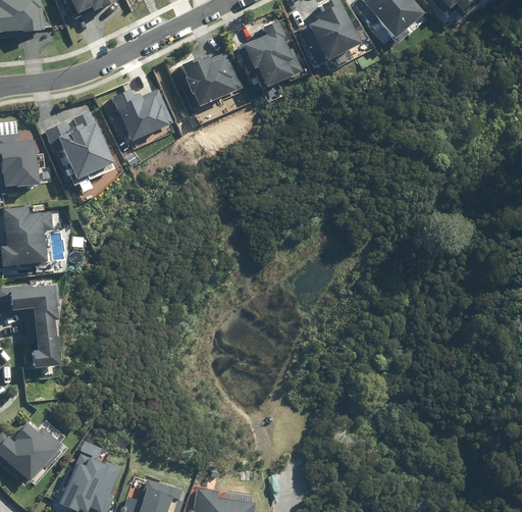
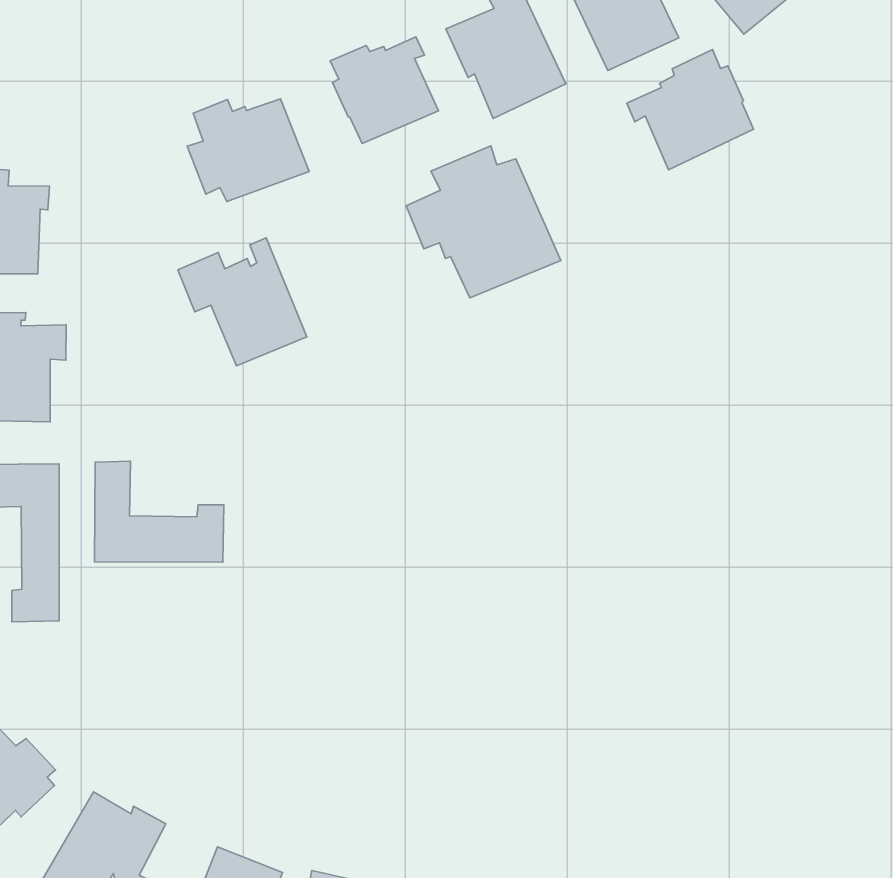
building: none -> [627,50,754,170]
building: none -> [406,146,561,298]
building: [44,112,113,180] -> [178,238,307,366]
building: none -> [94,461,224,562]

